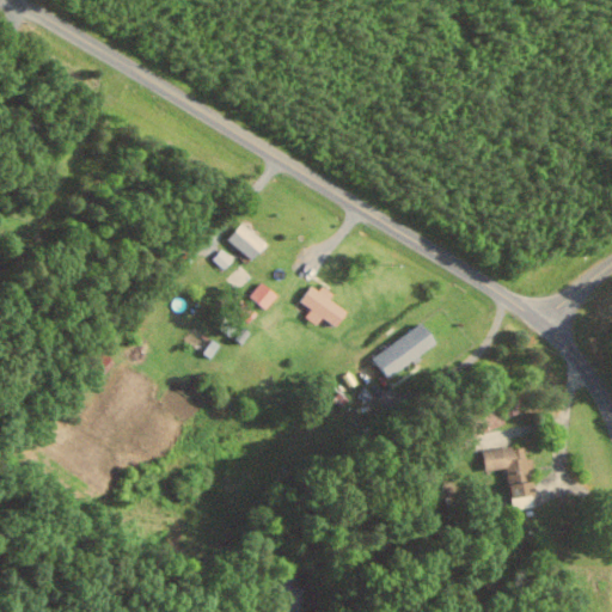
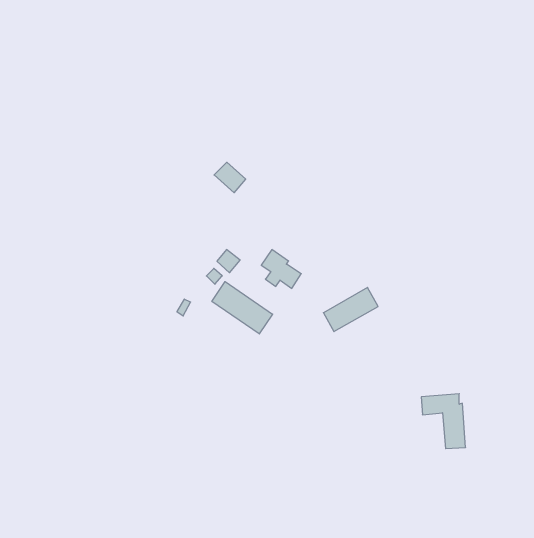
building: [230,225,265,259] -> [214,162,246,193]
building: none -> [212,282,273,334]

